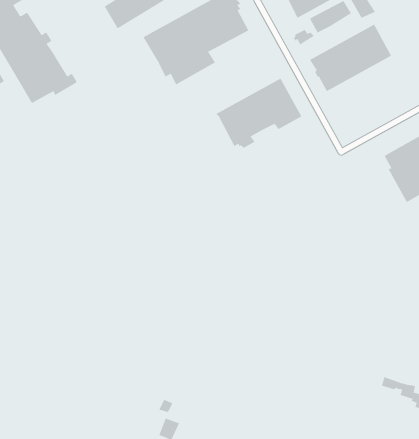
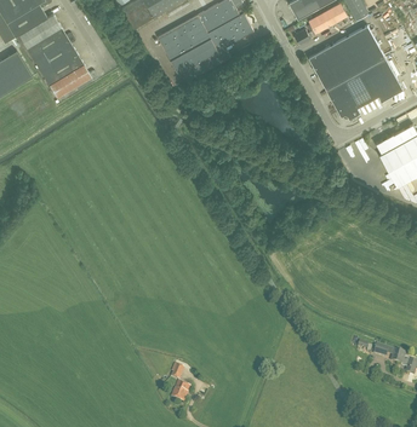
building: [216,78,302,149] -> [325,53,404,117]

